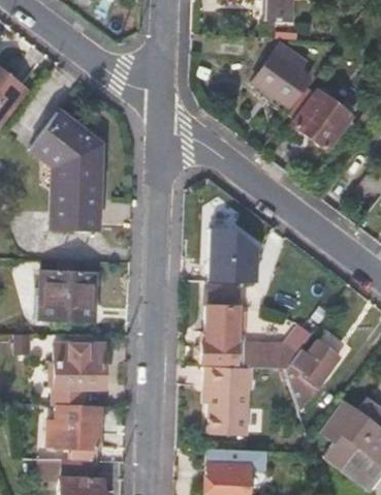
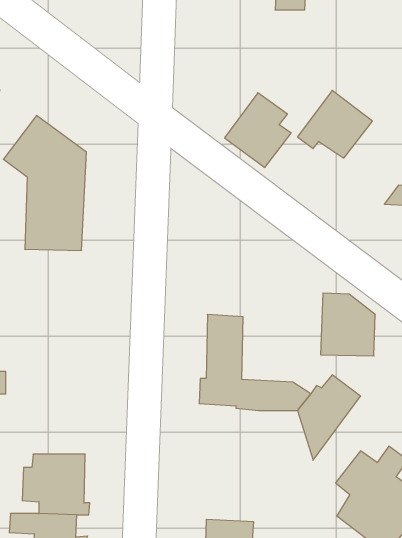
building: [253,41,311,106] -> [225,93,291,167]
building: [210,226,257,281] -> [321,293,375,356]
building: [38,270,97,320] -> none
building: [53,342,104,404] -> none
building: [204,365,253,433] -> none

